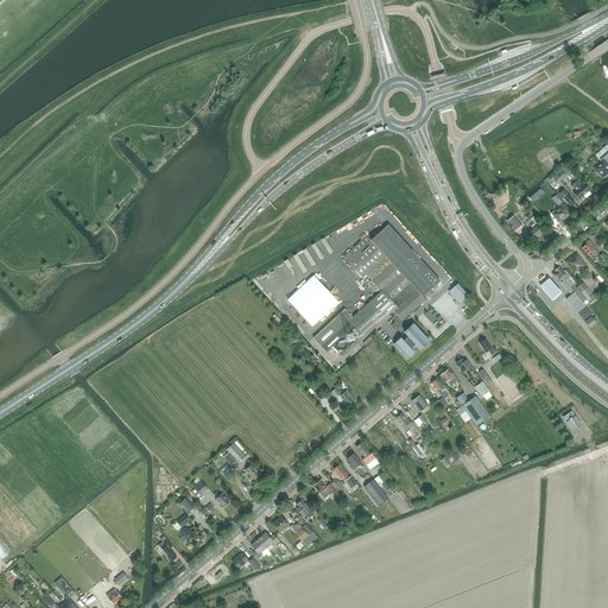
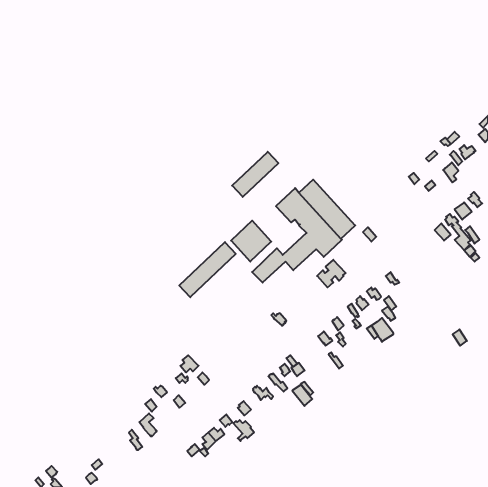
building: none -> [232,152,278,197]
building: none -> [179,242,236,297]

